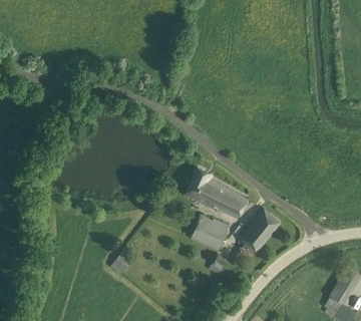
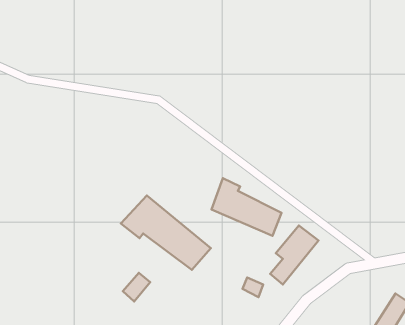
building: none -> [121,195,211,270]
building: [191,216,229,251] -> none

